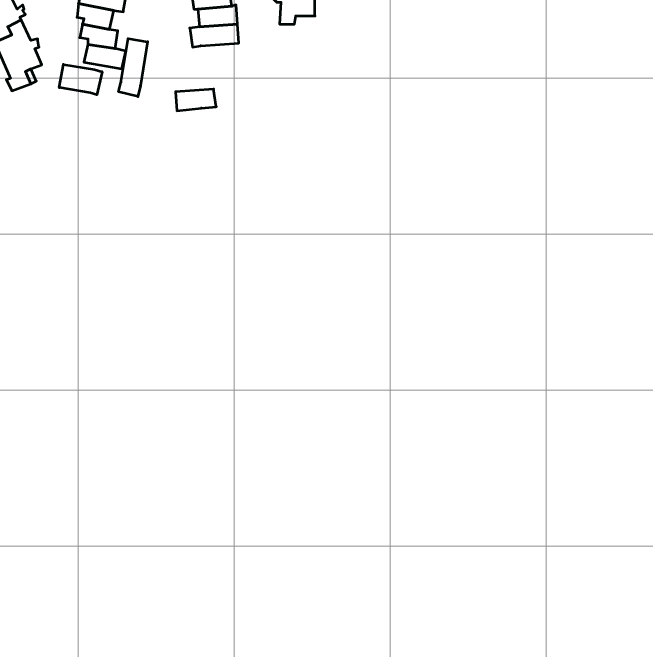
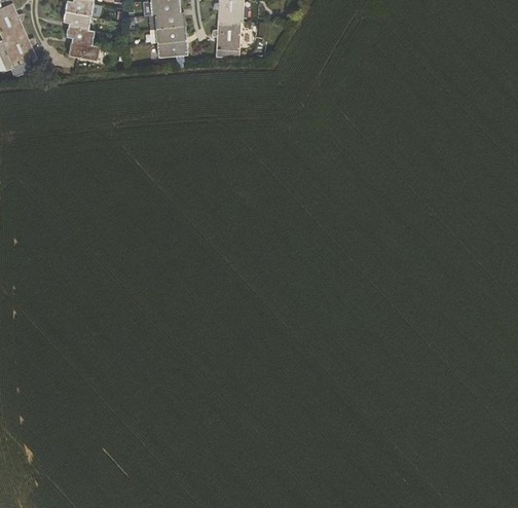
building: none -> [211,20,240,49]
building: [119,39,148,97] -> none
building: [59,64,102,95] -> none
building: [176,89,216,111] -> [156,40,187,57]

